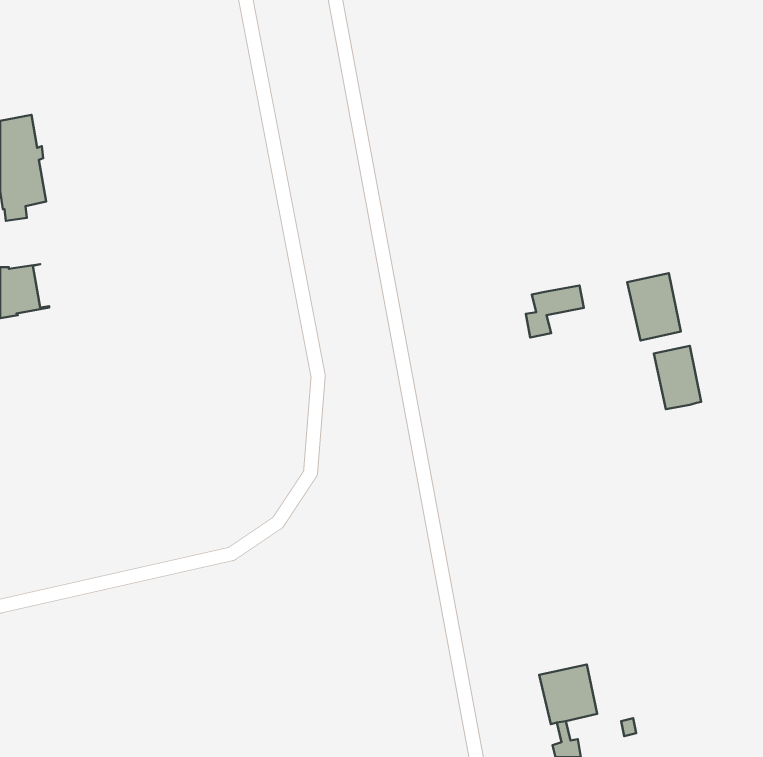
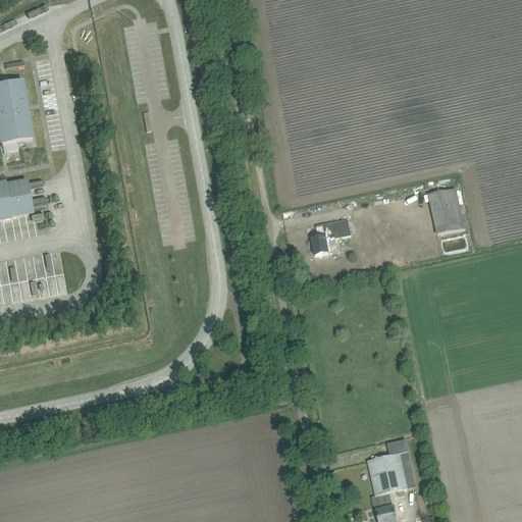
building: [526,285,584,338] -> [312,218,352,254]
building: [654,346,701,409] -> none

